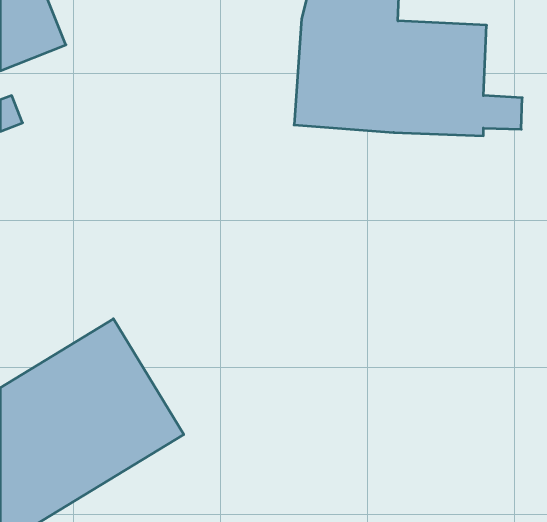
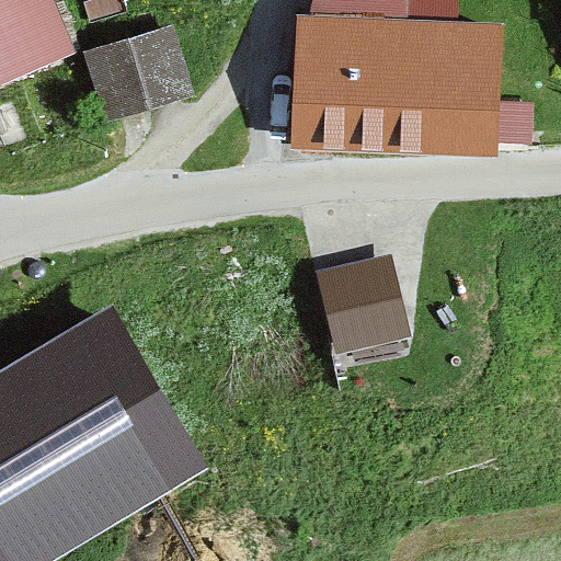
building: none -> [93,33,185,115]
building: none -> [325,266,403,344]

